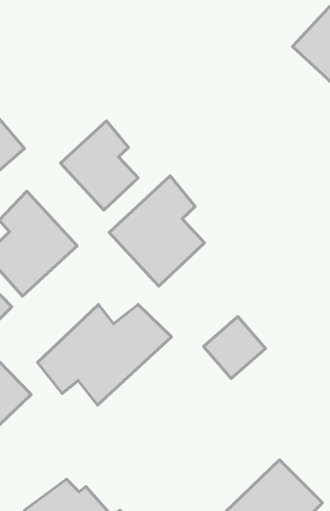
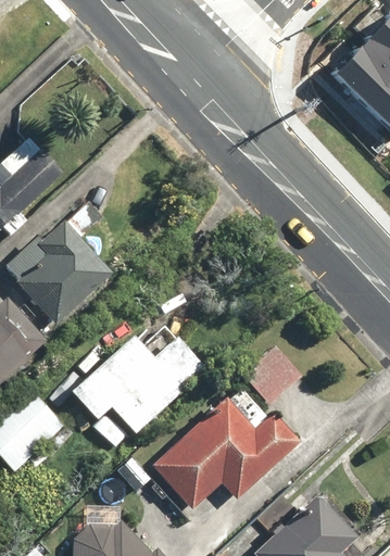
building: [60,121,138,210] -> none
building: [109,176,205,286] -> none
building: none -> [148,395,303,515]

